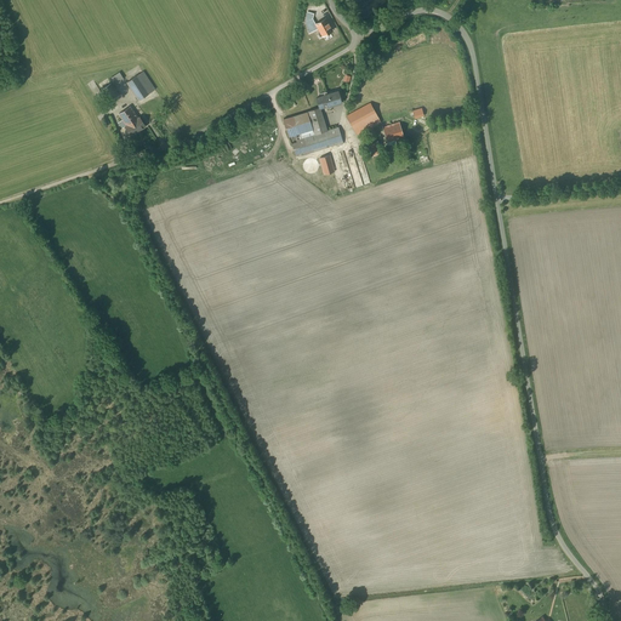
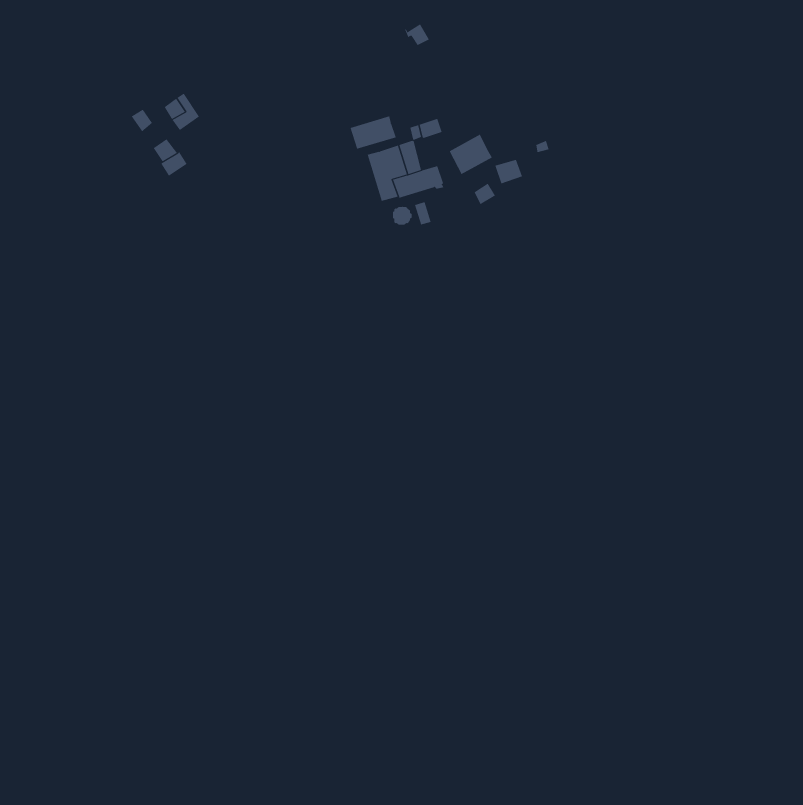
building: none -> [350,115,397,150]

